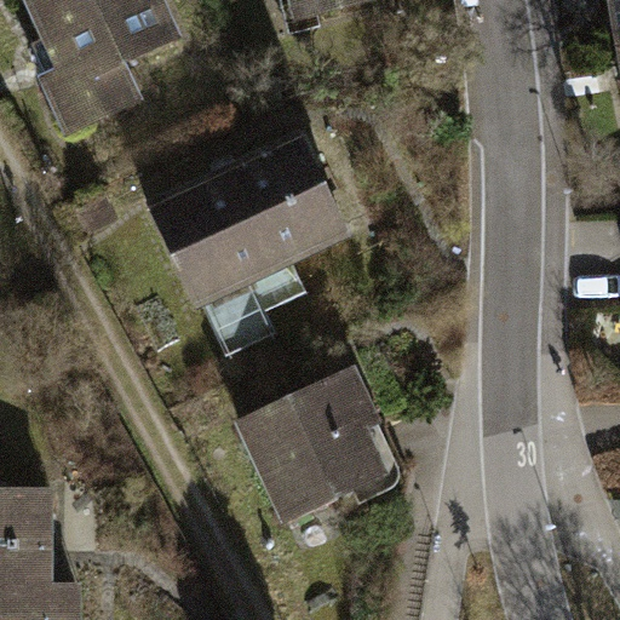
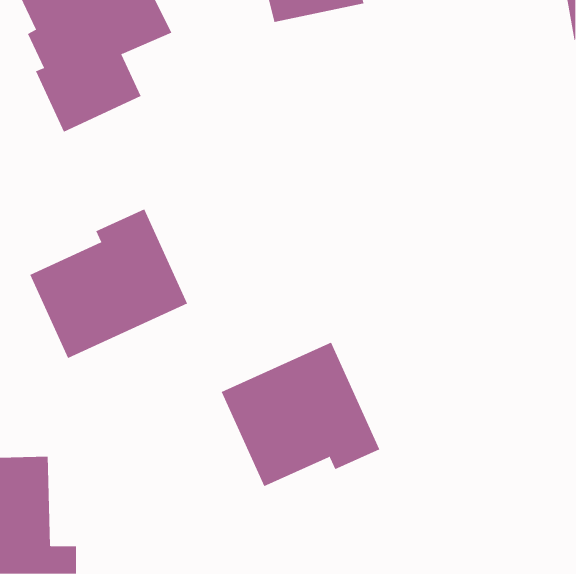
building: [149,133,349,323] -> none
building: none -> [30,209,188,359]

